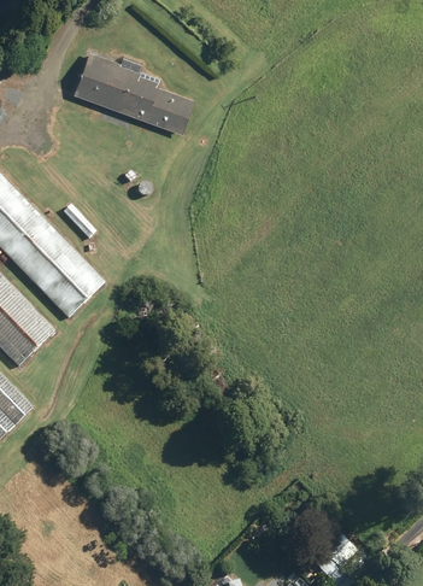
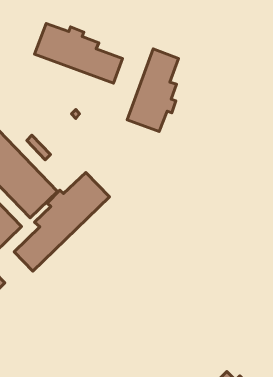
building: none -> [127,49,179,131]
building: none -> [14,173,109,271]

